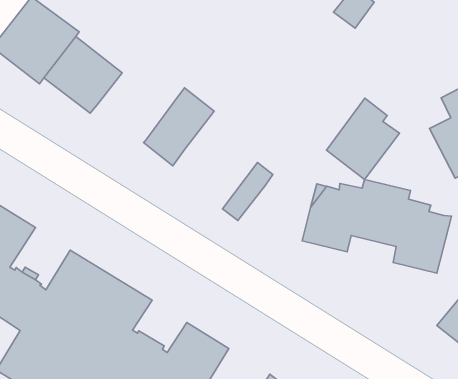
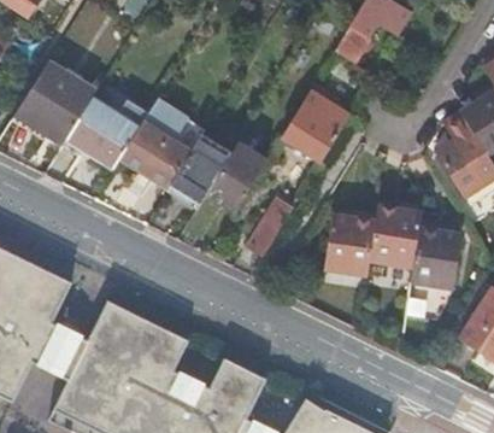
building: none -> [118,100,200,191]
building: [326,98,400,180] -> [282,83,349,160]
building: none -> [205,142,266,213]

